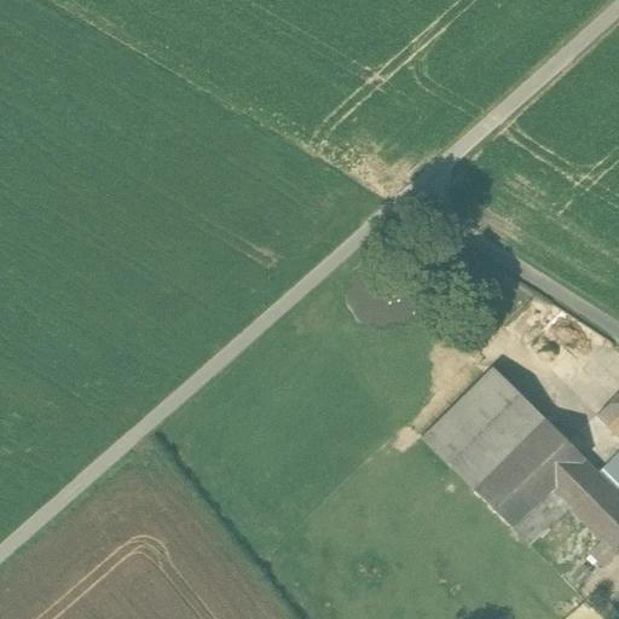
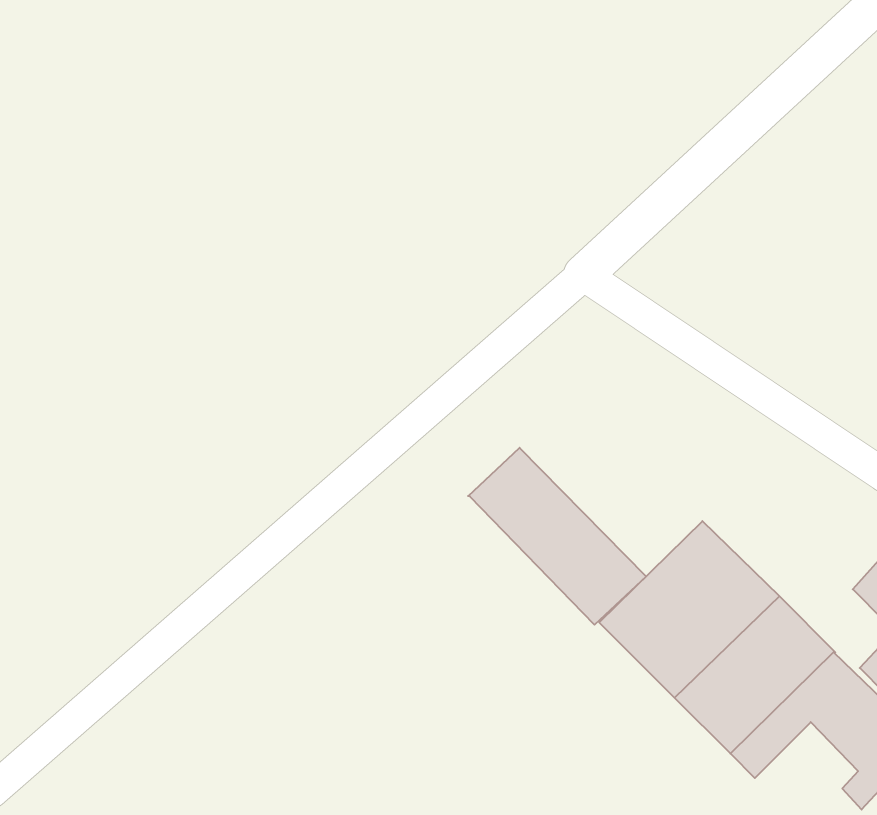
building: none -> [468,448,646,625]

